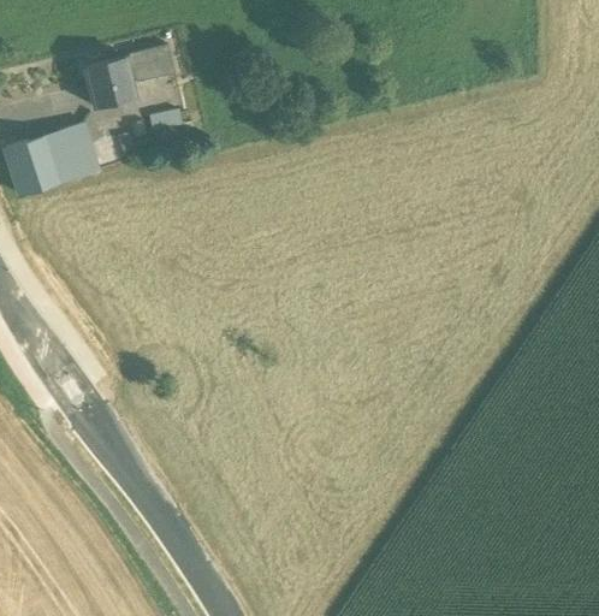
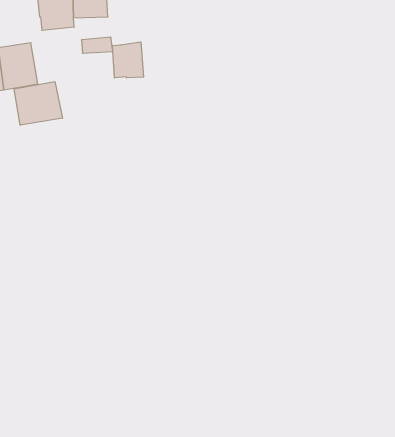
building: none -> [112,42,144,78]
building: none -> [14,82,63,125]

